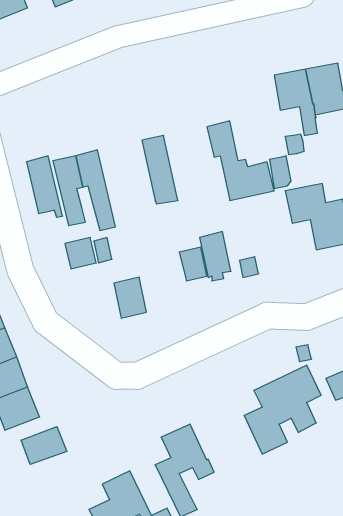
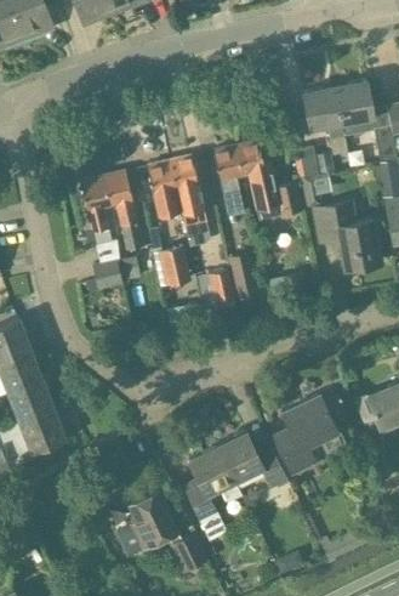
building: none -> [212,147,243,217]
building: [26,156,63,217] -> [146,160,182,222]
building: [114,277,146,318] -> [158,245,190,286]
building: none -> [217,433,287,488]
building: [21,427,67,464] -> none

